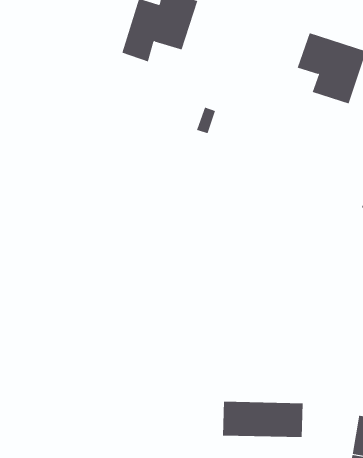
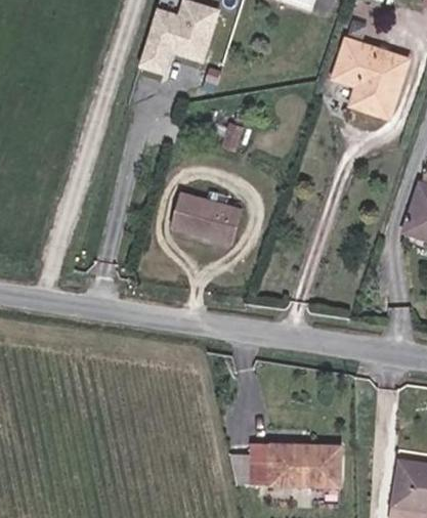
building: none -> [171,192,243,245]

